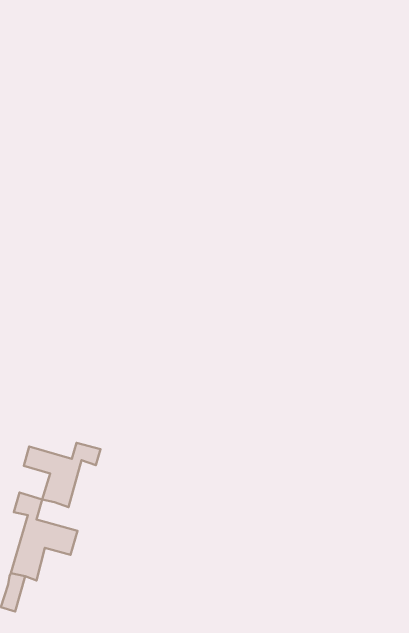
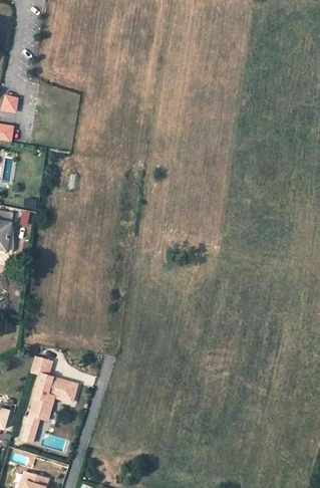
building: [24,443,100,507] -> none

